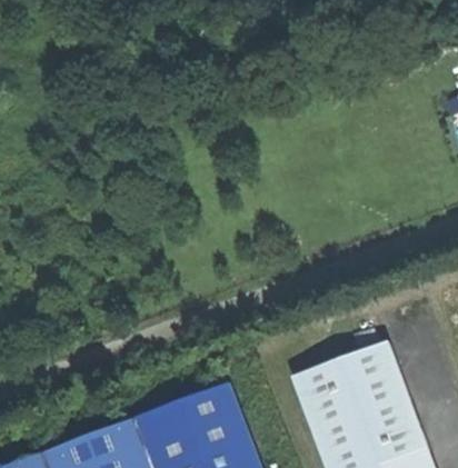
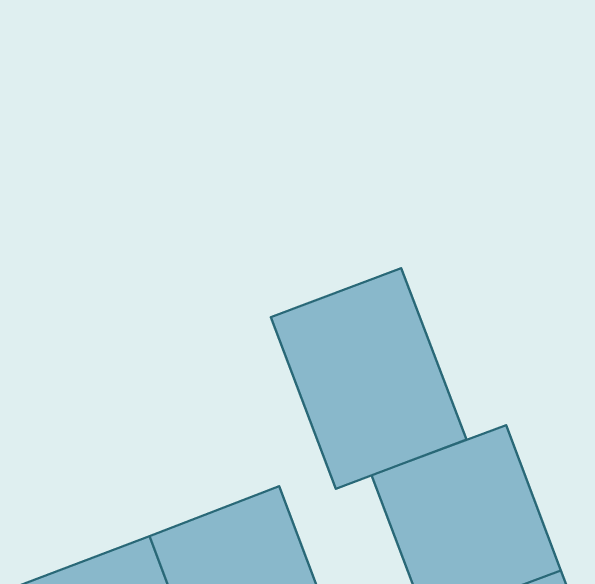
building: none -> [271,268,466,489]

